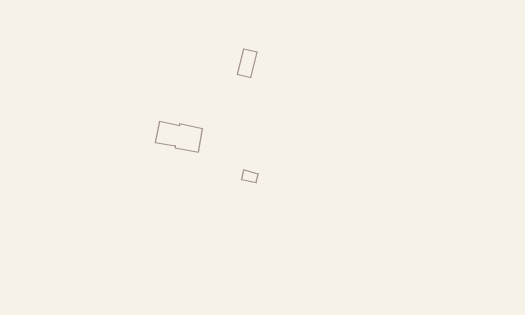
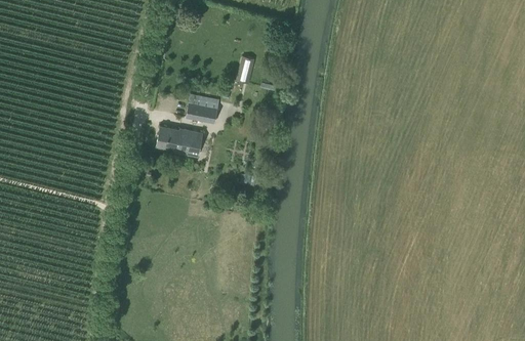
building: none -> [186,96,219,125]

